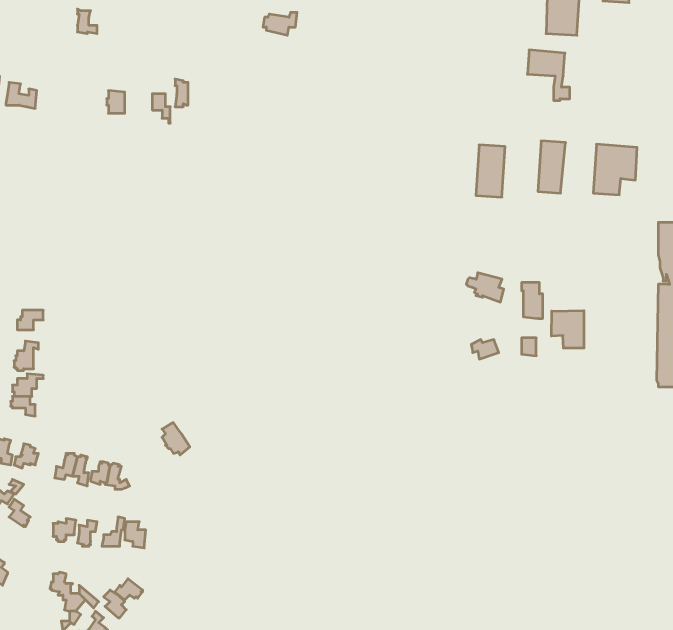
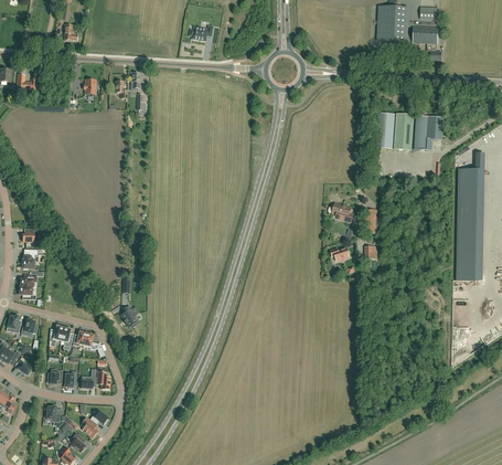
building: [527,50,570,100] -> [412,25,440,60]
building: [476,145,505,197] -> [393,114,413,149]
building: [551,311,584,348] -> none

